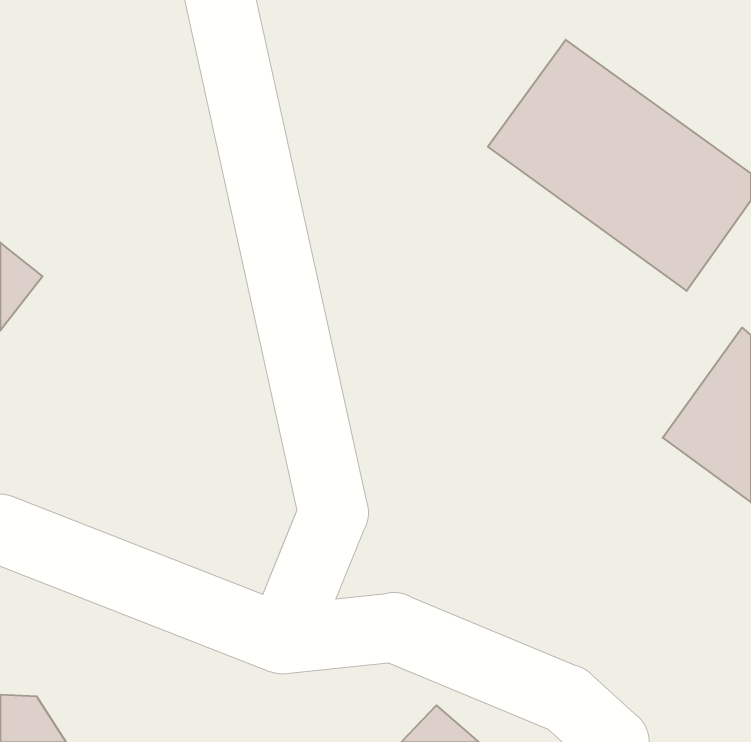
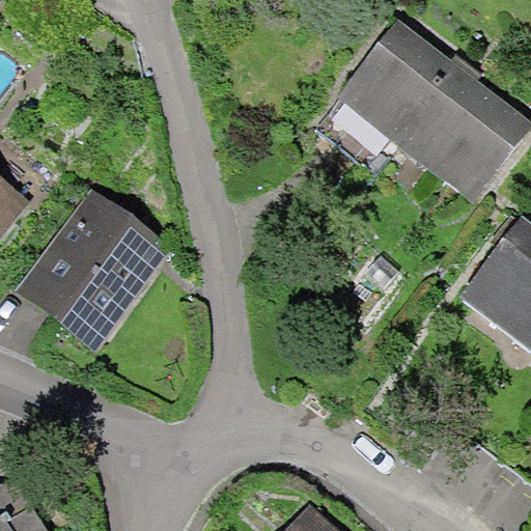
building: none -> [12,185,169,352]

